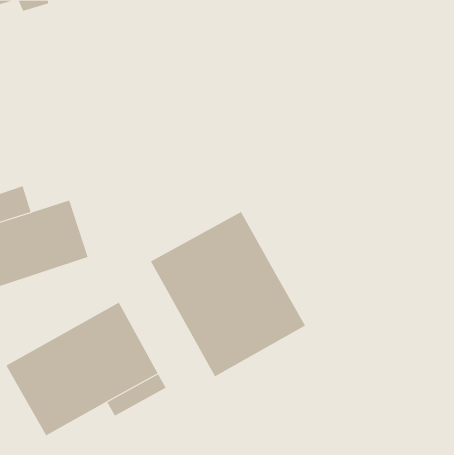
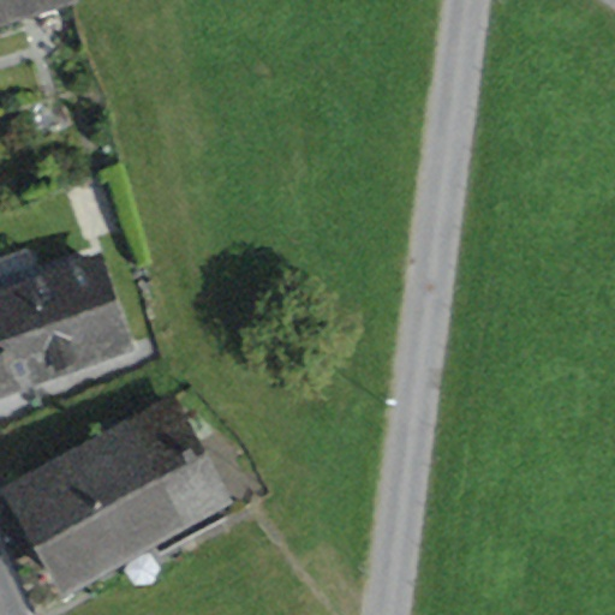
building: [150,211,306,377] -> none

